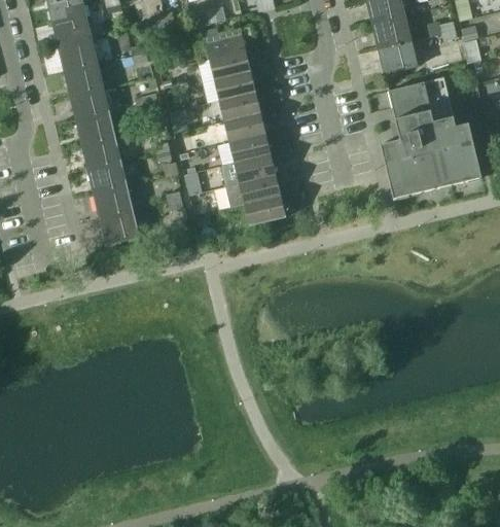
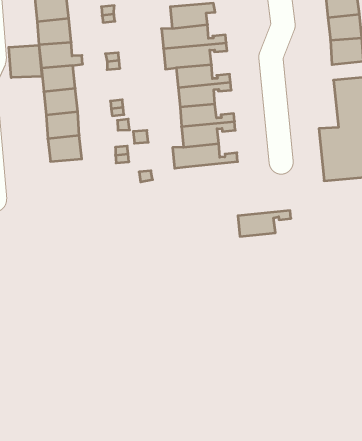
building: none -> [9,45,42,78]
building: [244,190,300,225] -> [238,211,291,236]
building: [100,211,139,244] -> none

